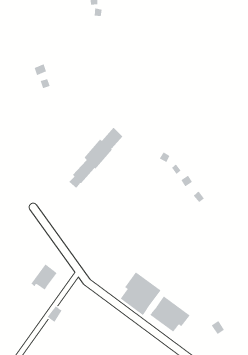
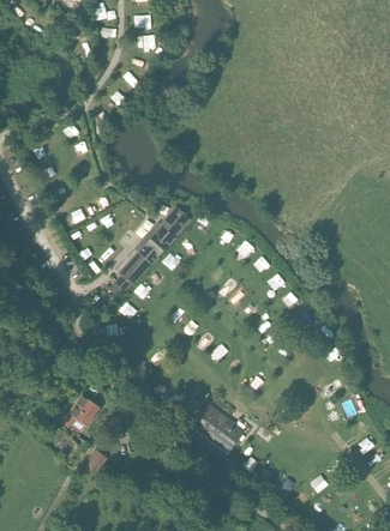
building: [149,296,190,333] -> none

